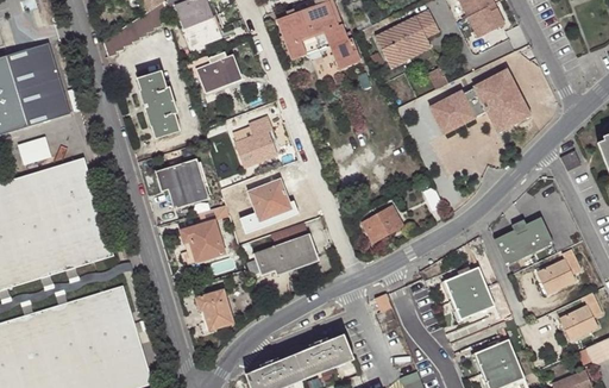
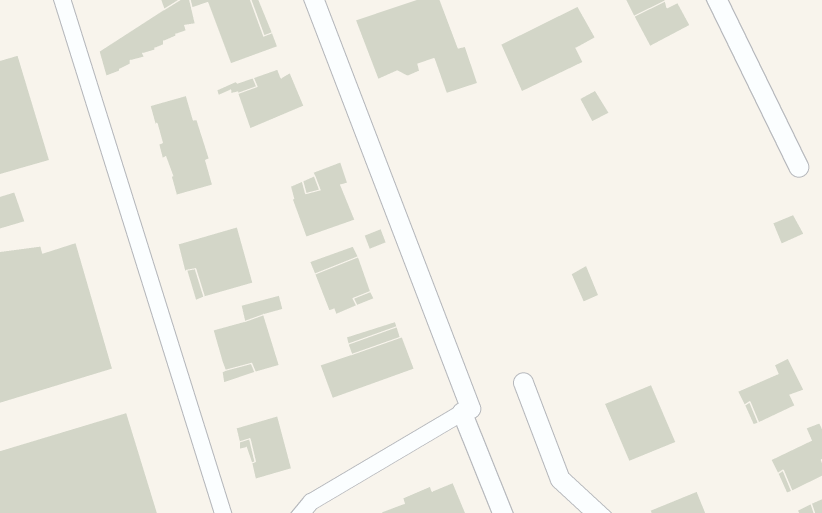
building: [427,69,528,134] -> none
building: [360,205,401,239] -> none
building: [494,218,552,265] -> none

